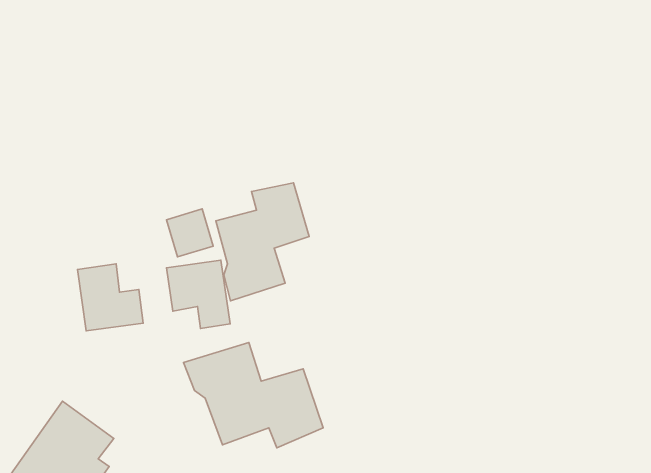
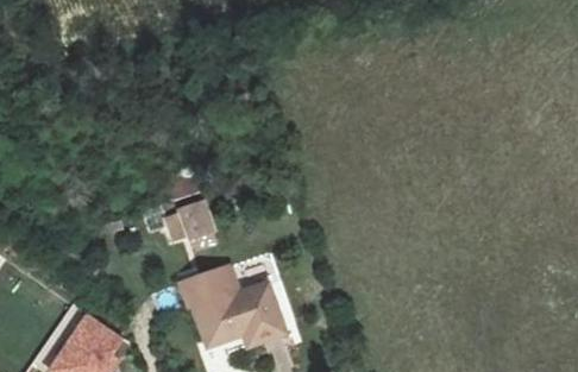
building: [216,183,309,301] -> none
building: [77,264,143,331] -> none

